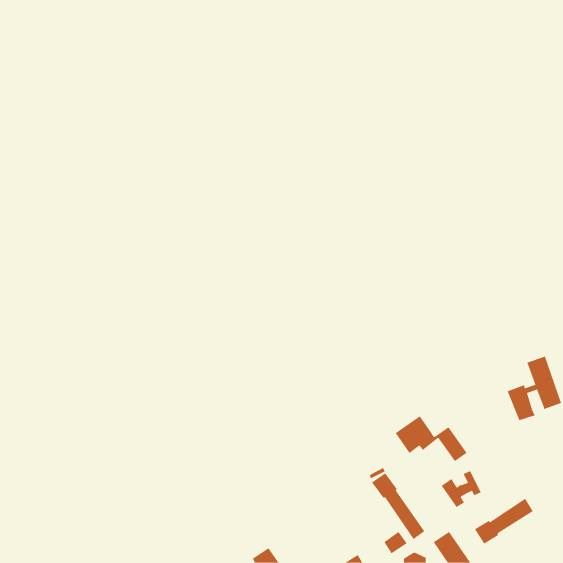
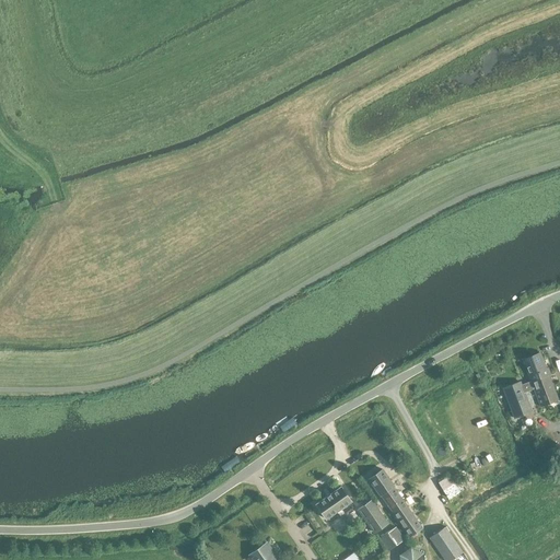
building: [395,415,468,462] -> [316,487,388,533]
building: [474,498,533,544] -> none

